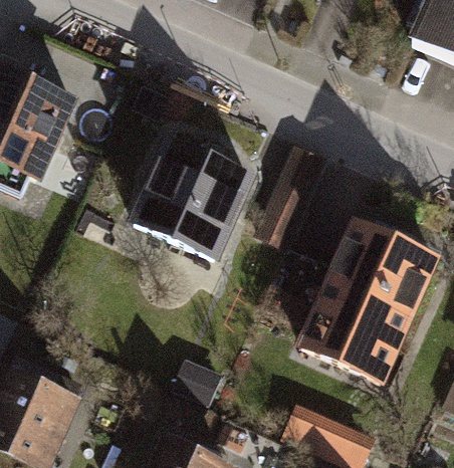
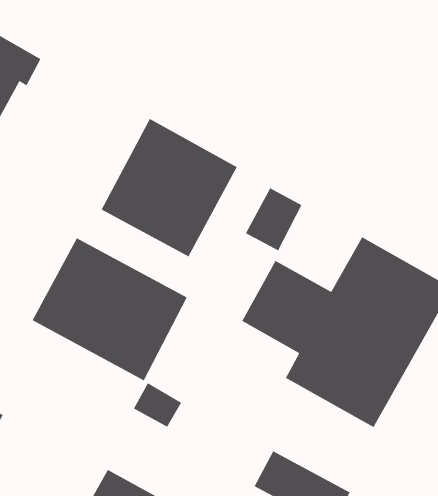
building: none -> [32,237,188,381]

